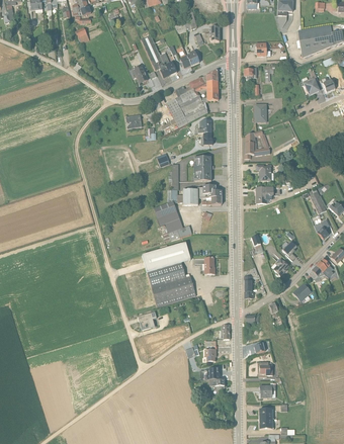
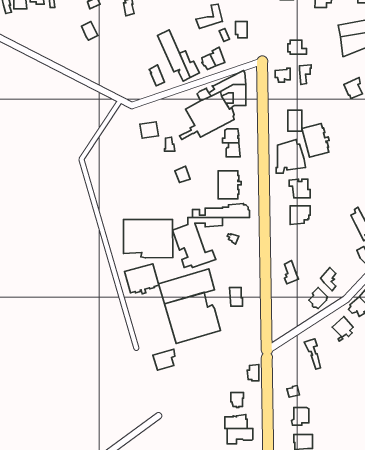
building: none -> [302,123,329,157]
building: none -> [124,219,173,258]
building: none -> [125,264,159,294]

